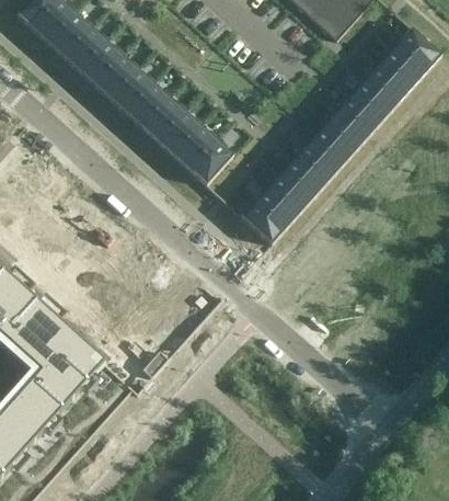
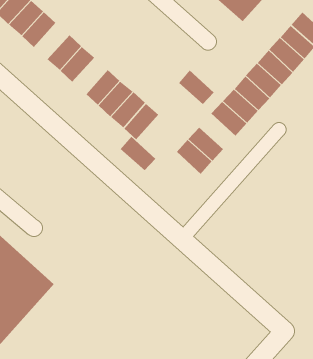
building: [79,39,123,84] -> none
building: [126,82,170,127] -> none
building: [283,151,327,195] -> [178,69,214,105]
building: [240,198,285,242] -> [120,136,156,171]

